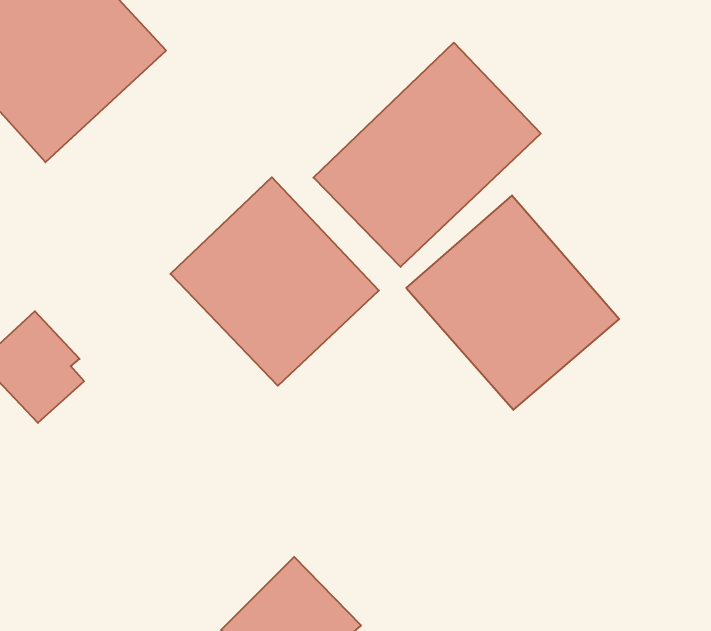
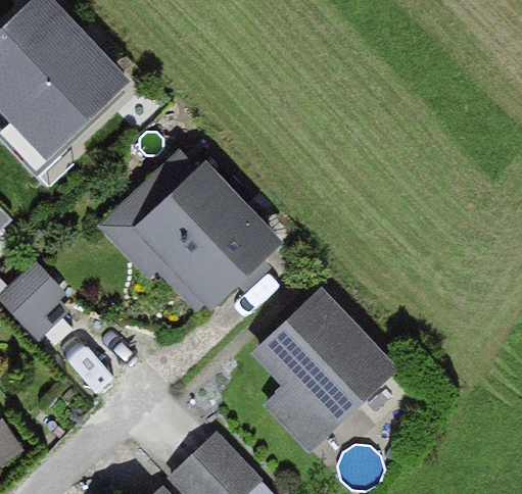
building: [313,43,541,267] -> none
building: [406,195,619,410] -> [243,294,389,441]

